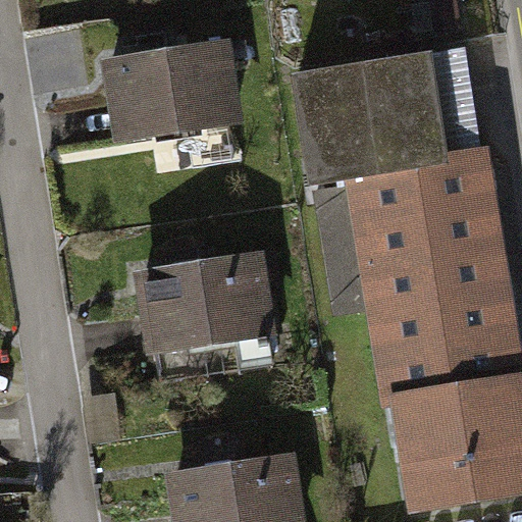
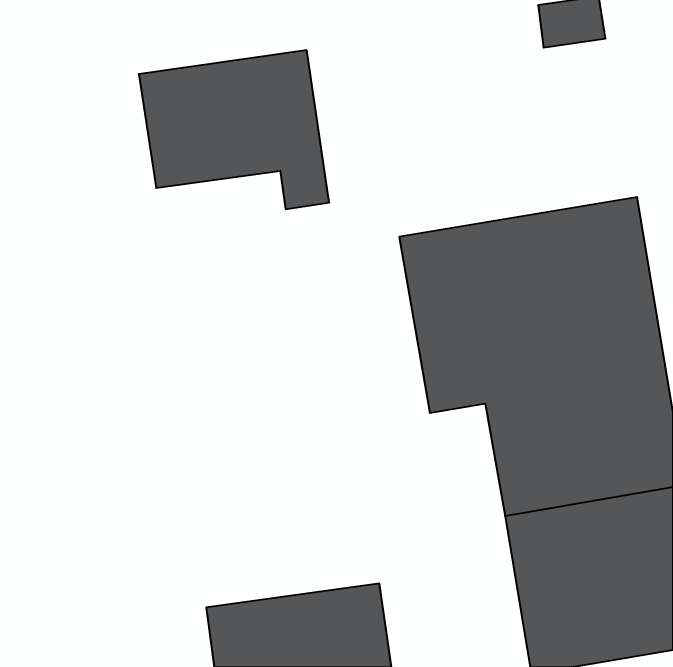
building: [292,55,491,182] -> none
building: [124,248,273,359] -> none

